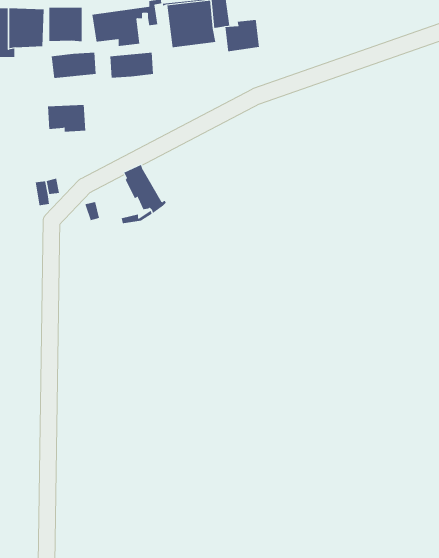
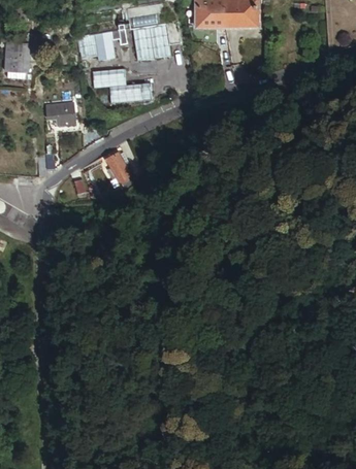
building: [49,7,82,42] -> none
building: [225,19,260,52] -> none
building: [51,52,96,78] -> [108,81,142,101]

